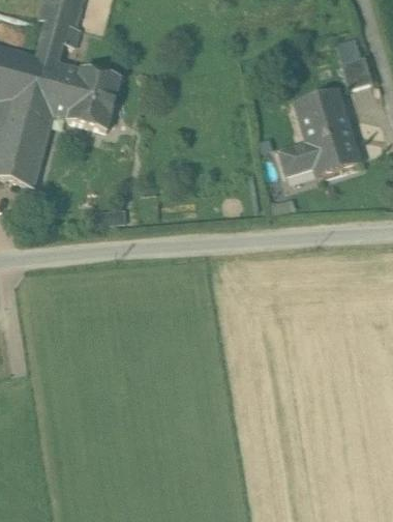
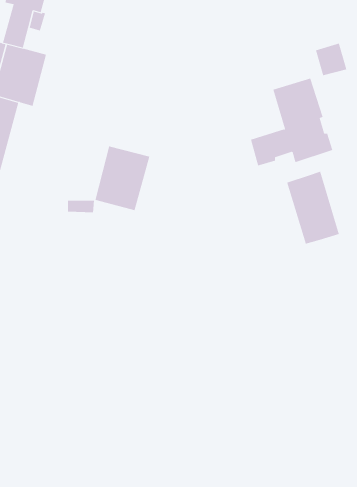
building: [66,65,120,128] -> [95,146,150,211]
building: none -> [286,171,340,244]

